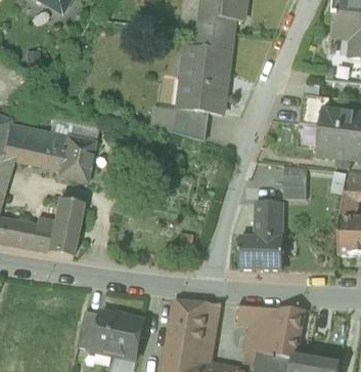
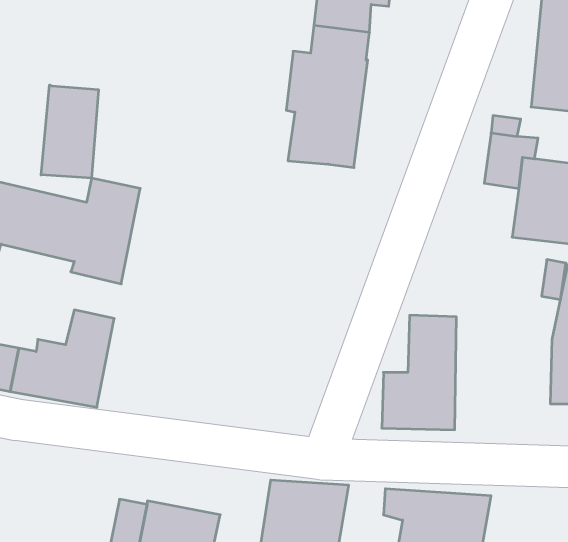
building: none -> [41,85,98,178]
building: [153,110,208,141] -> none
building: [284,174,307,199] -> none

